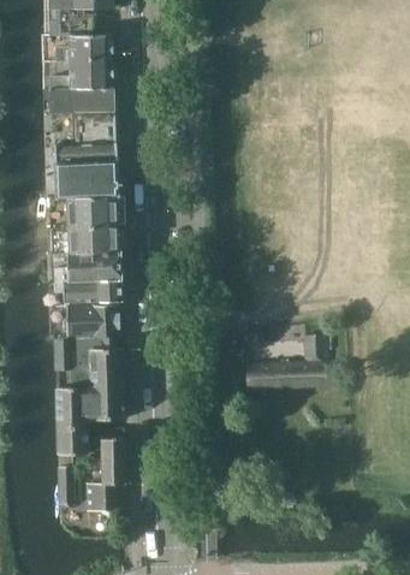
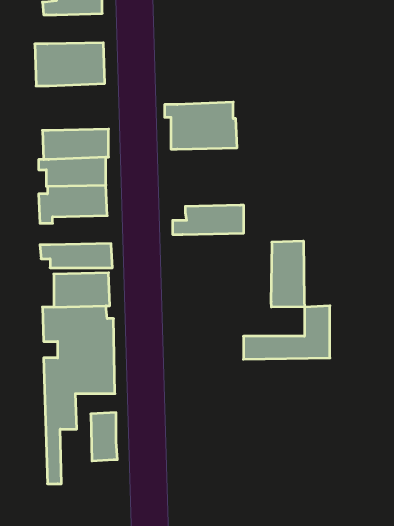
building: [48,60,113,89] -> none
building: [49,126,118,171] -> [165,102,237,149]
building: [53,251,120,279] -> [173,205,244,234]
building: none -> [271,241,304,307]
building: [88,482,124,509] -> none

